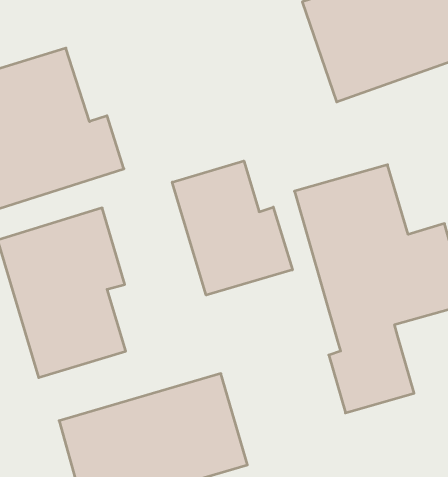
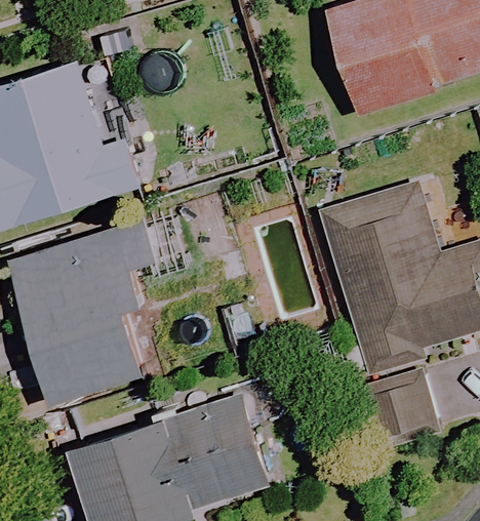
building: [172,161,292,295] -> none

